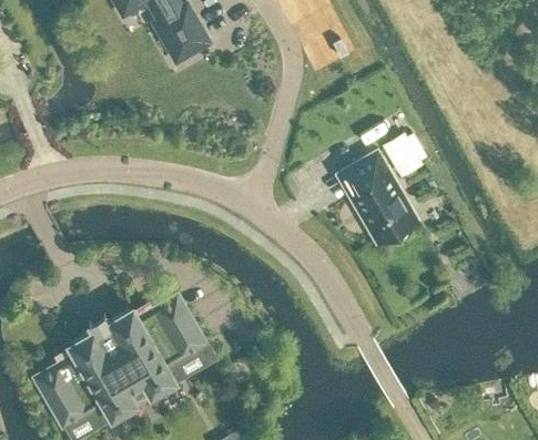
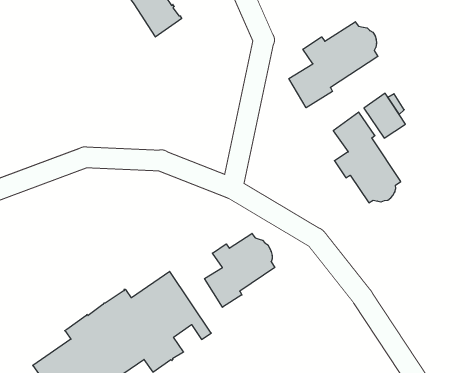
building: none -> [289,22,378,108]
building: none -> [205,233,275,307]

